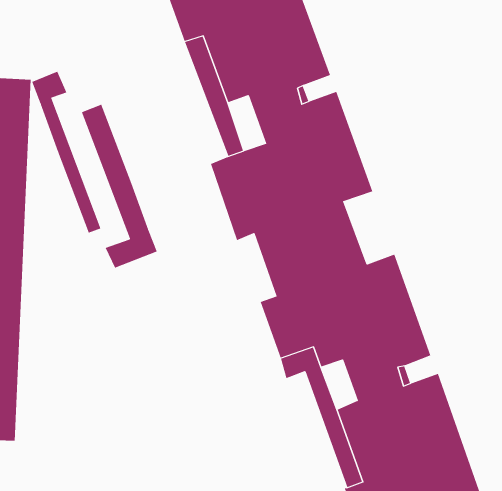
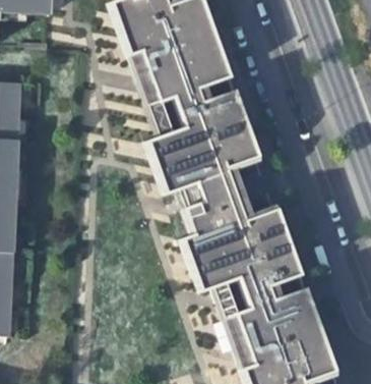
building: [32,71,101,233] -> none
building: [81,104,157,269] -> none

